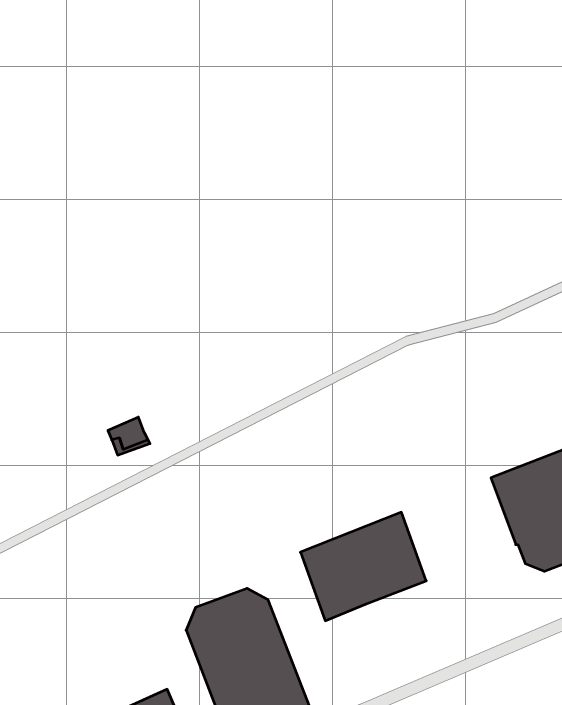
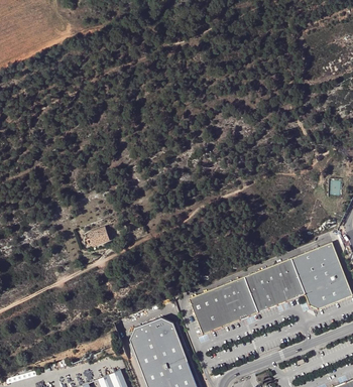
building: none -> [243,259,304,313]

